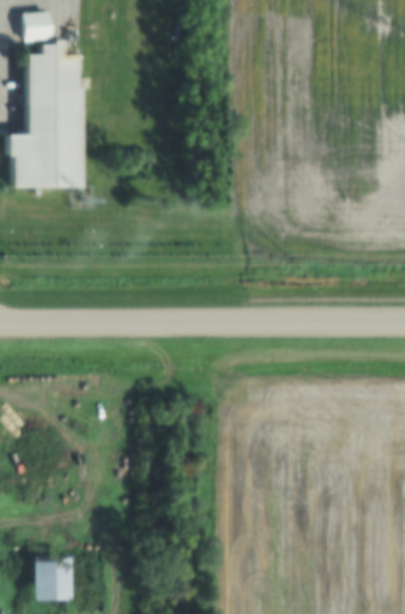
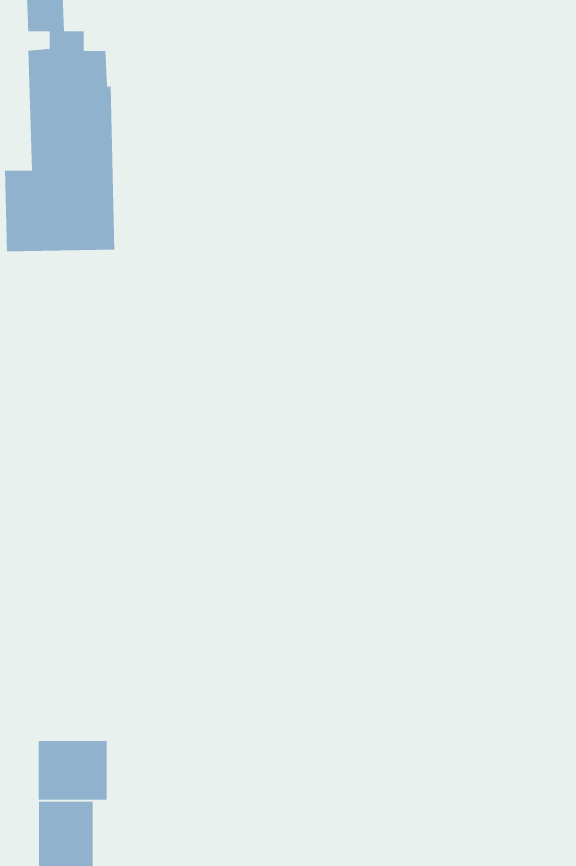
building: none -> [38,740,108,801]

